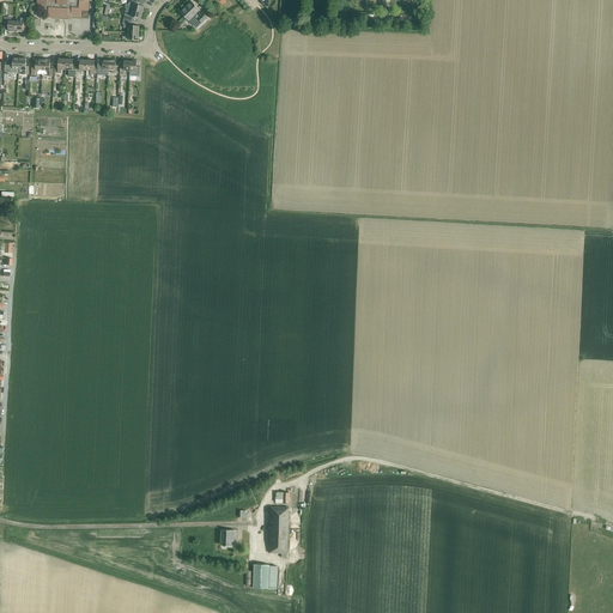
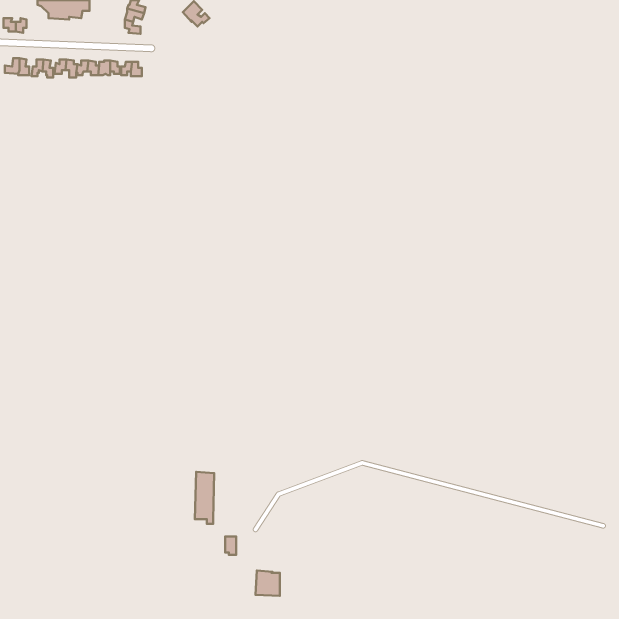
building: [269,506,289,558] -> [195,472,214,524]

